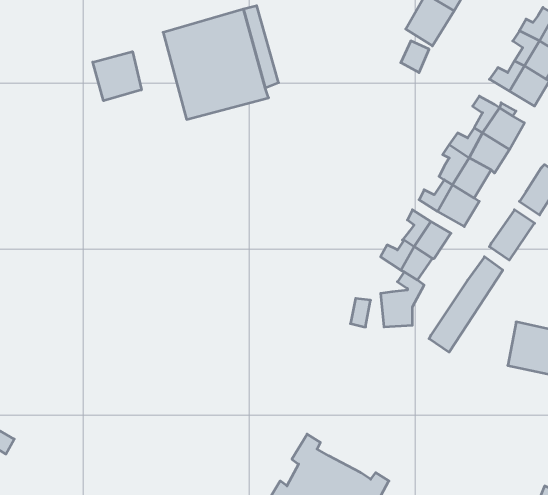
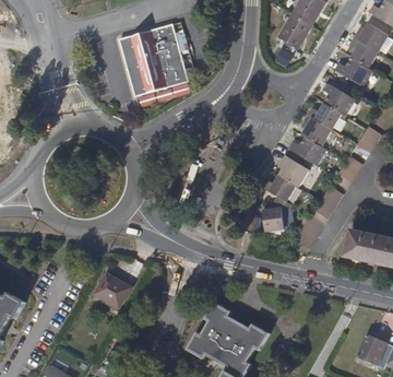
building: [93,52,141,101] -> none
building: none -> [91,273,127,309]

